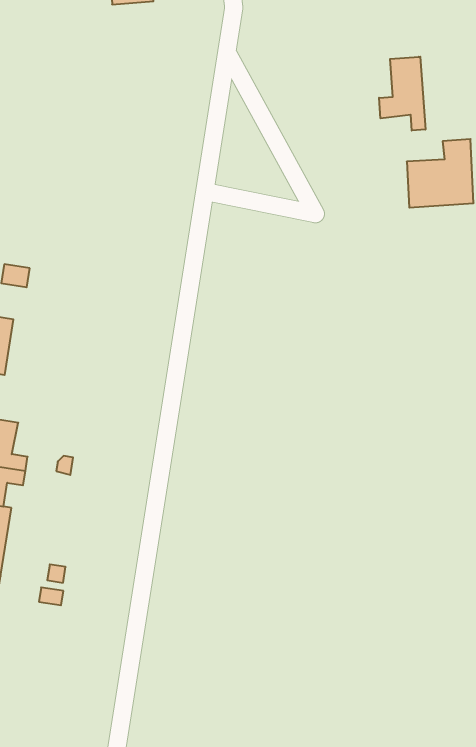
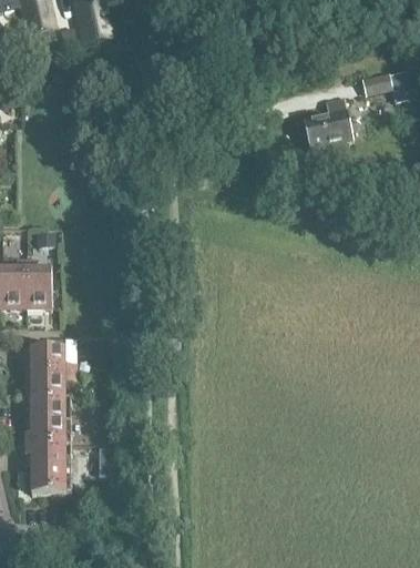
building: [379,57,425,131] -> none

